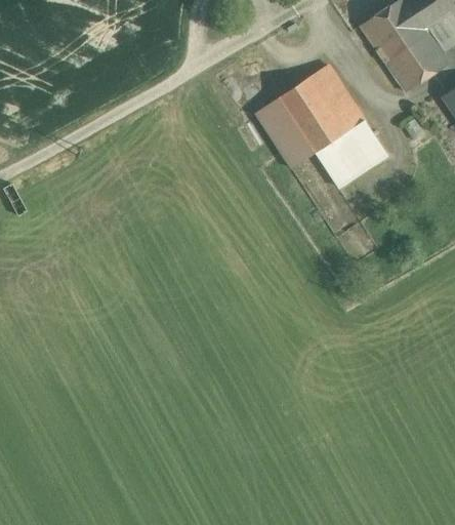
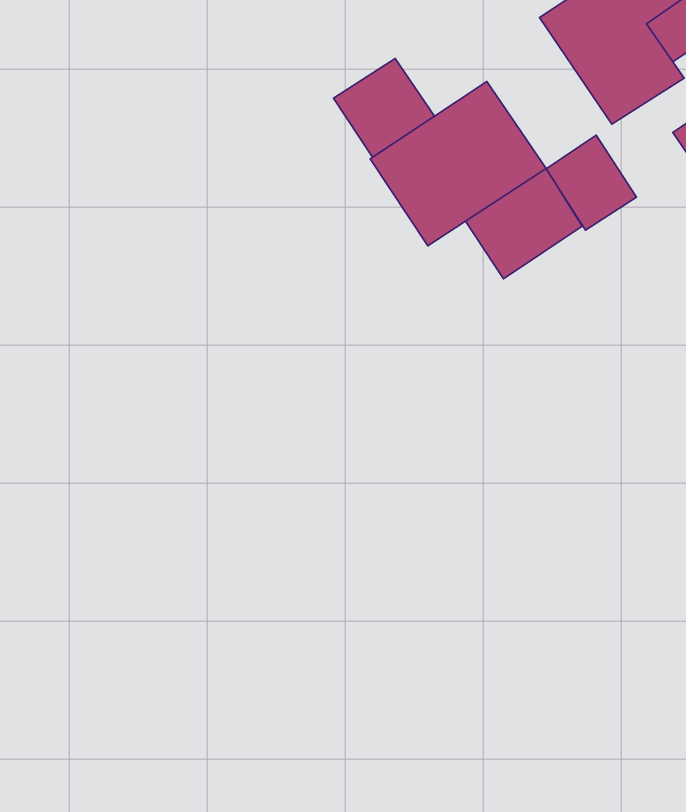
building: none -> [333,58,434,157]
building: none -> [546,135,637,230]

